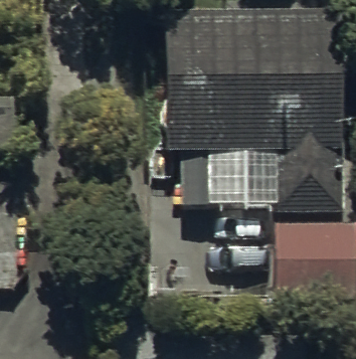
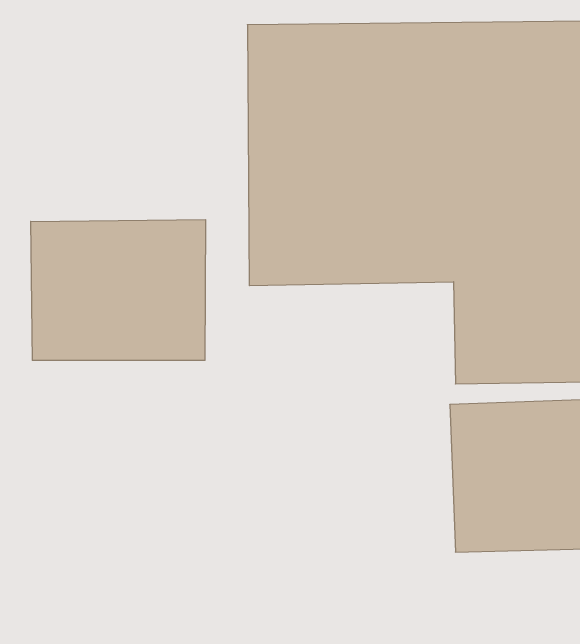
building: none -> [31,220,205,360]

